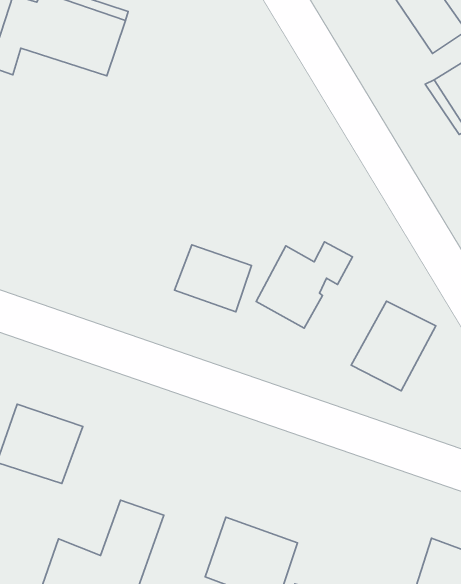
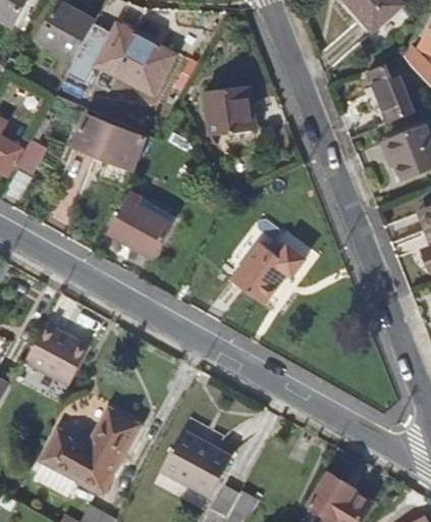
building: none -> [205,86,257,146]
building: none -> [73,115,146,170]
building: [174,245,252,312] -> [109,201,168,255]
building: [351,301,436,391] -> none

